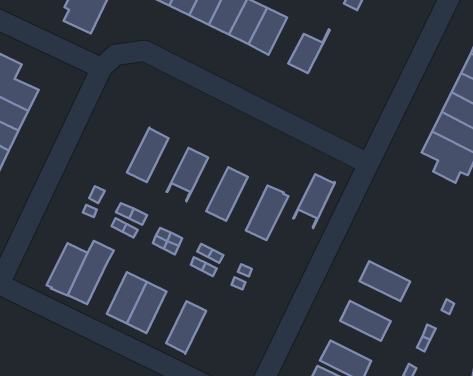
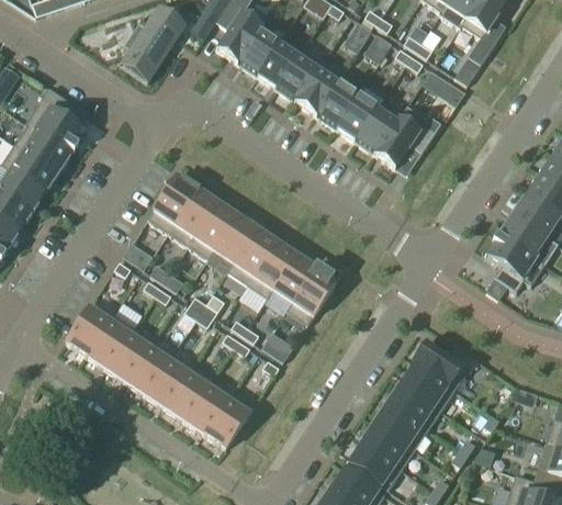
building: none -> [335,90,375,139]
building: none -> [374,110,439,167]
building: none -> [147,175,198,233]
building: none -> [187,202,236,259]
building: none -> [226,228,276,285]
building: [293,174,335,228] -> [266,255,315,312]
building: none -> [413,341,477,390]
building: none -> [105,326,153,381]
building: none -> [386,382,440,429]
building: none -> [165,366,212,420]
building: none -> [203,392,252,448]
building: none -> [360,422,414,469]

